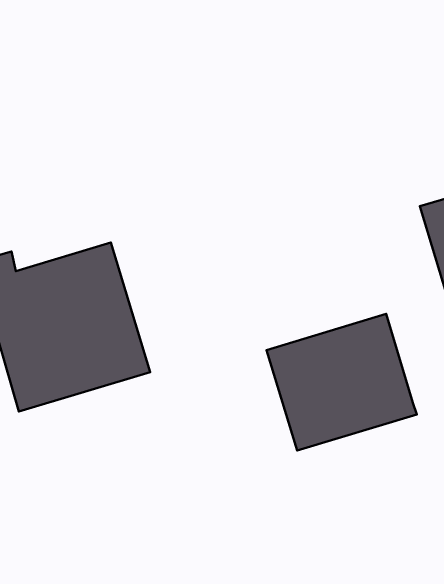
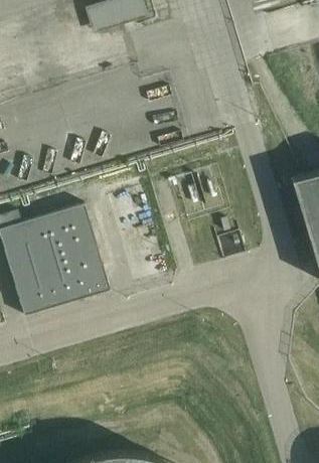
building: [266,314,417,450] -> none

